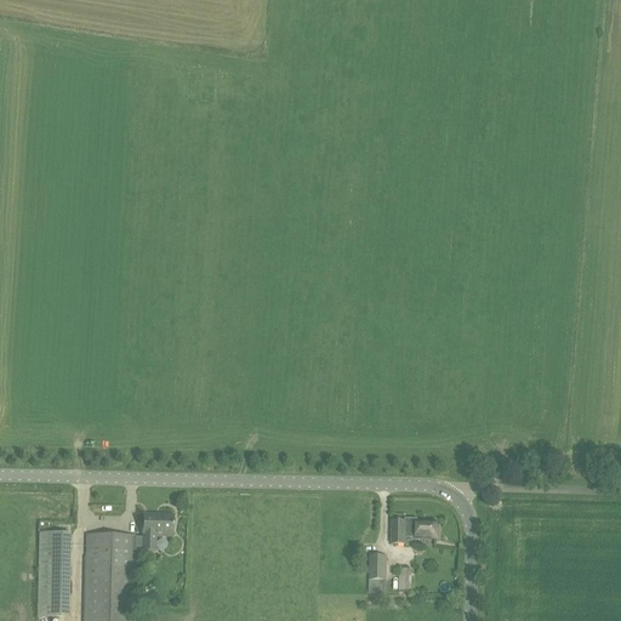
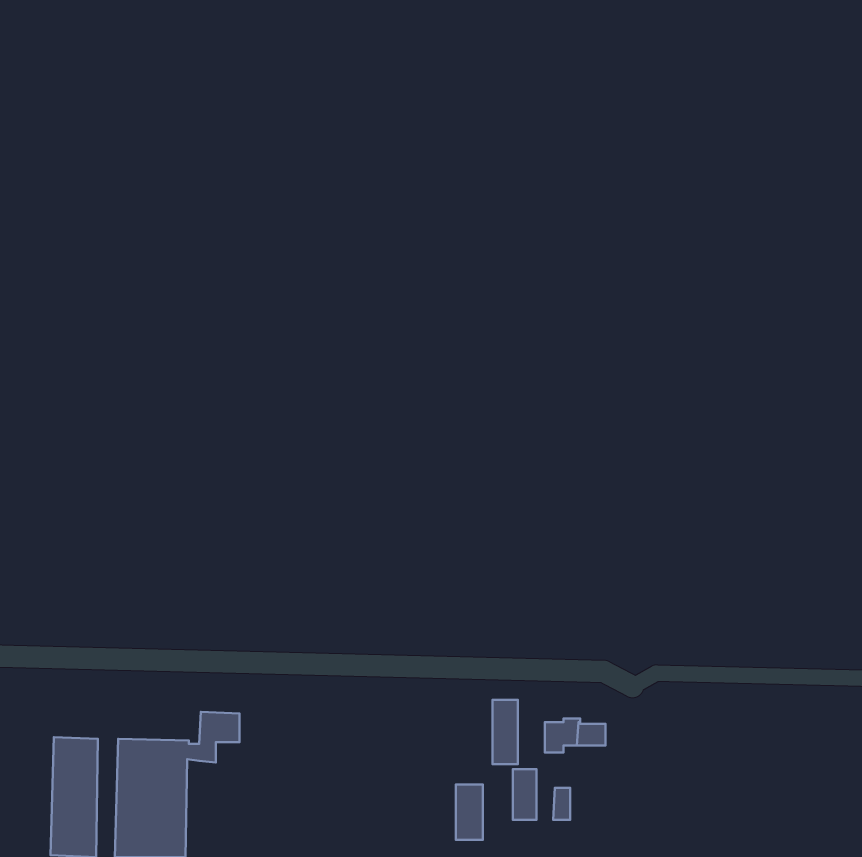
building: none -> [492,700,518,764]
building: none -> [456,785,483,840]

